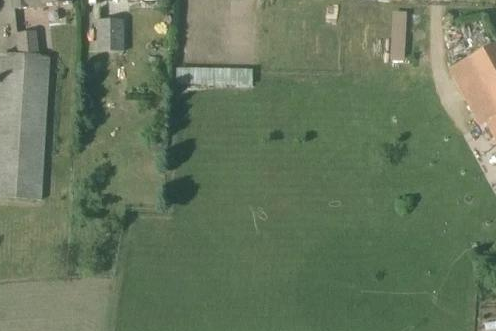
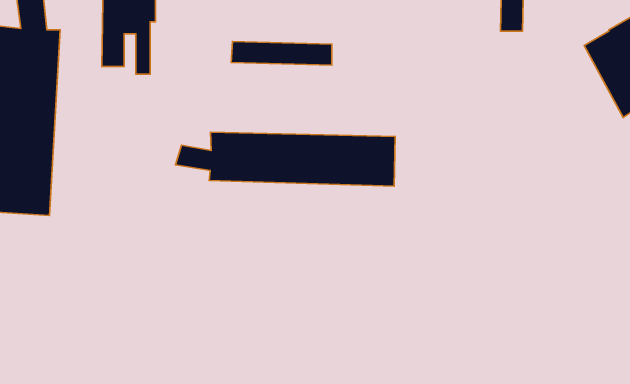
building: none -> [176,132,395,186]

